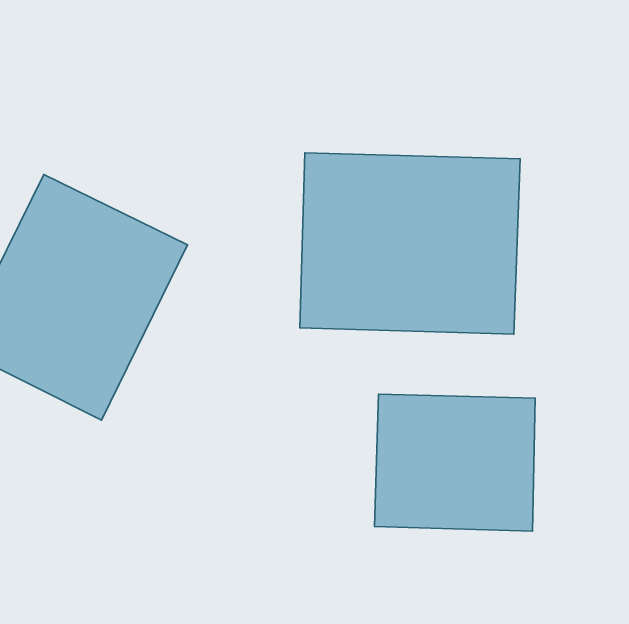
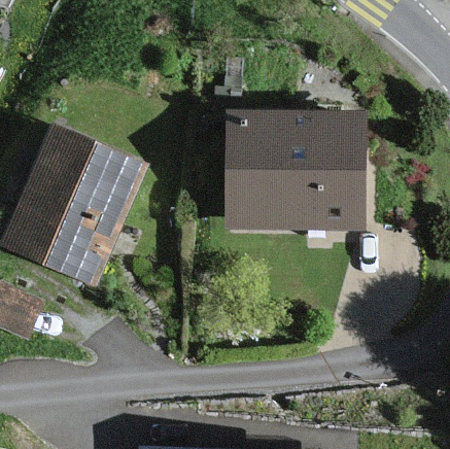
building: [375,394,535,531] -> none

